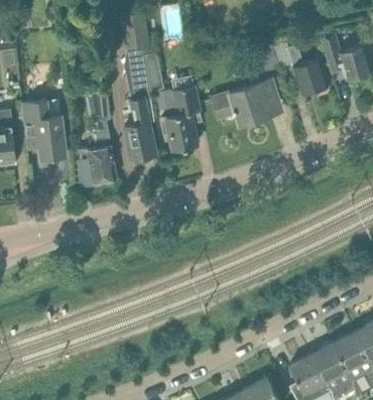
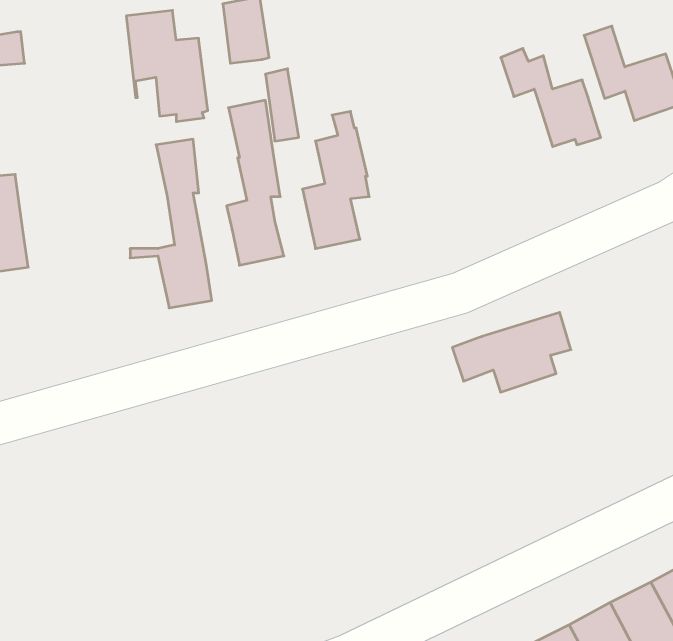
building: [213,82,277,125] -> [452,312,571,392]
building: [21,101,66,161] -> [126,10,208,122]

